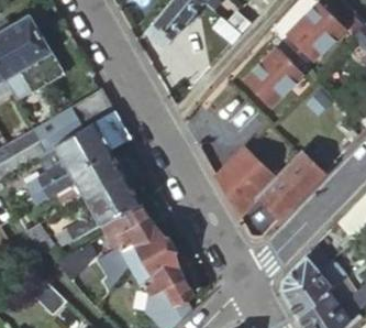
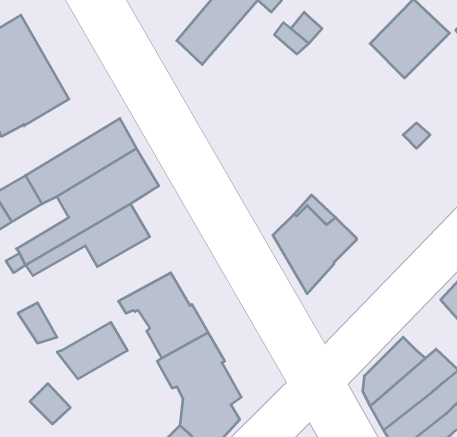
building: [243,47,301,106] -> none
building: [259,151,325,217] -> none
building: [57,176,140,245] -> none

